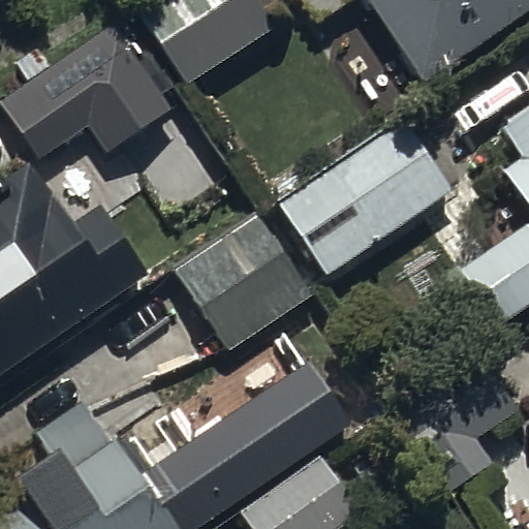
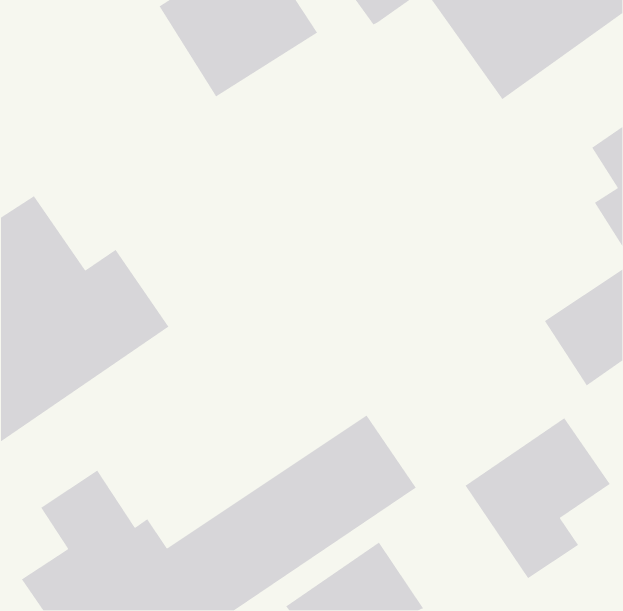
building: [6,22,177,158] -> none
building: [275,115,453,275] -> none
building: [175,215,313,351] -> none

